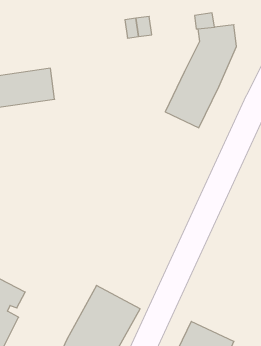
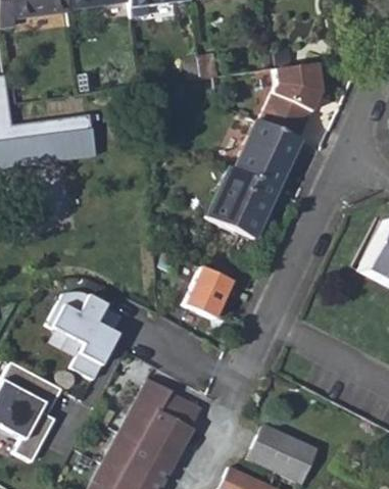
building: none -> [205,167,275,240]
building: none -> [183,267,231,320]
building: none -> [47,292,117,380]

